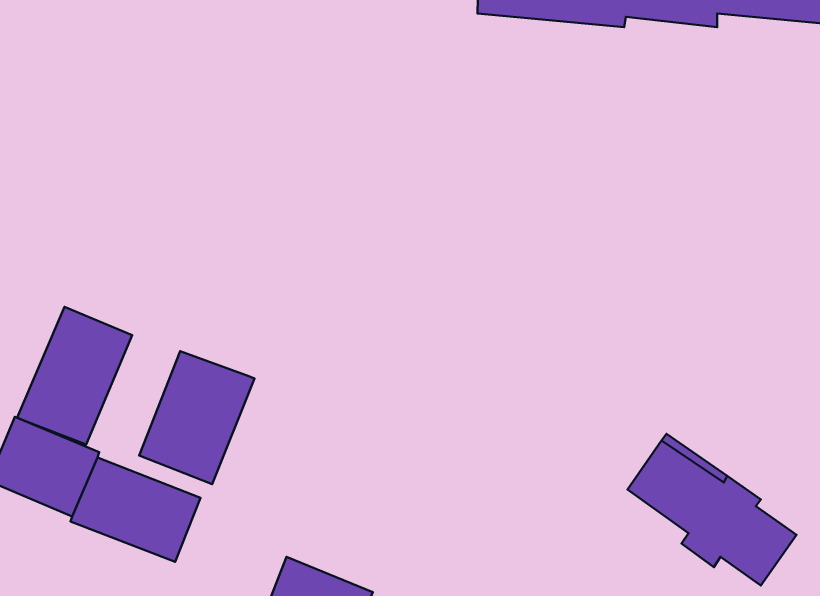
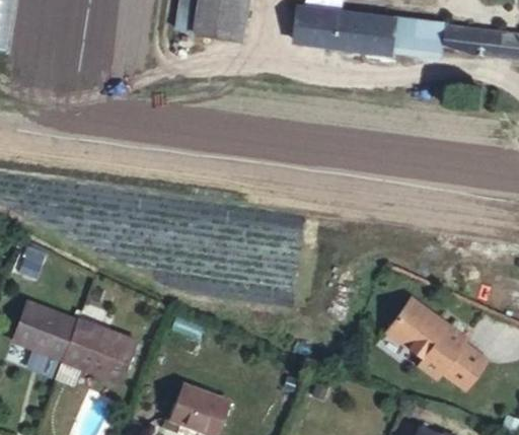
building: [17,307,132,445] -> none
building: [139,351,254,484] -> none

